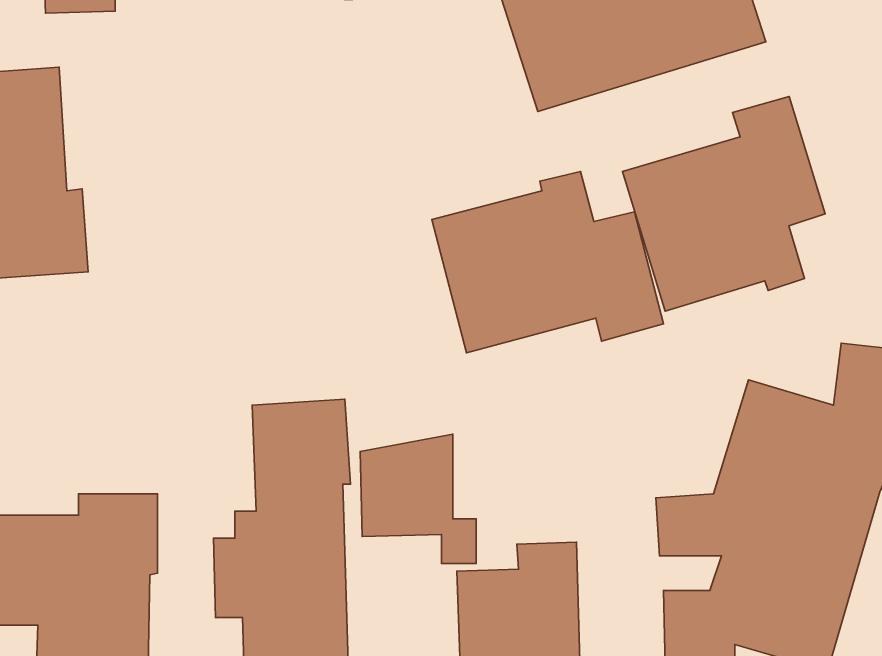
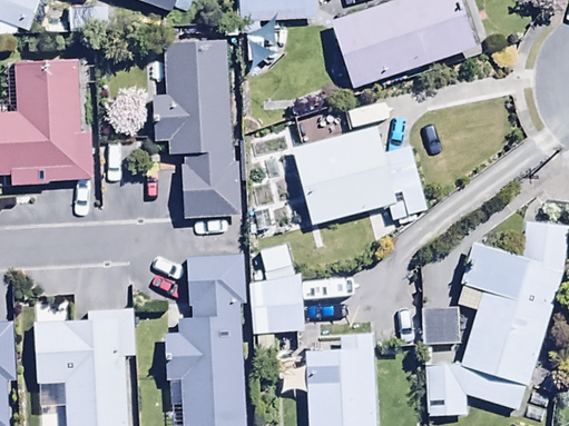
building: none -> [150,42,244,217]
building: [622,97,825,311] -> none

